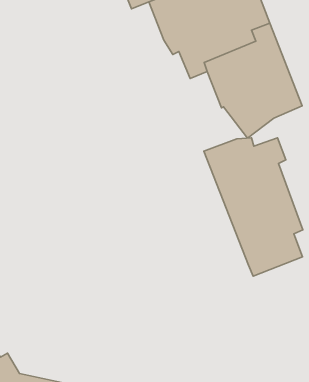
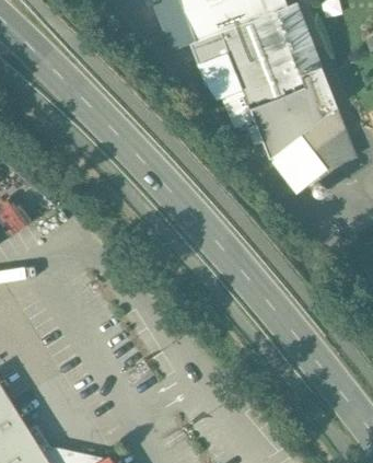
building: [204,138,303,276] -> none

